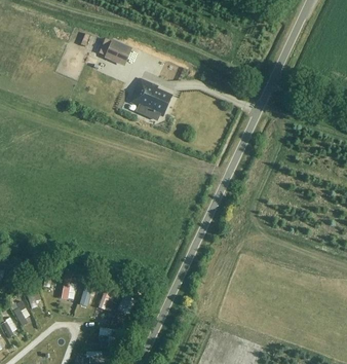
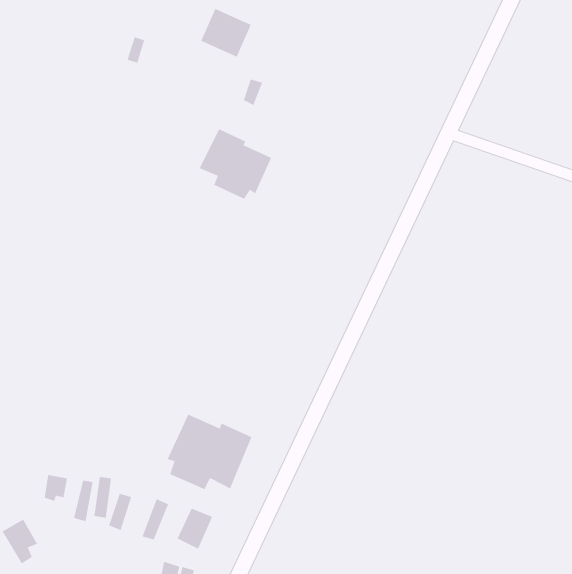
building: [102,38,130,66] -> [200,8,252,58]
building: none -> [166,413,253,490]

